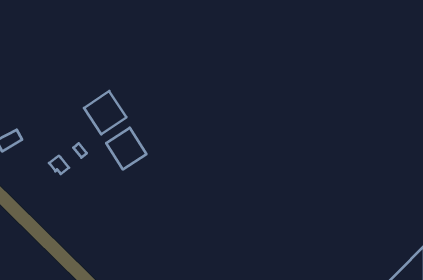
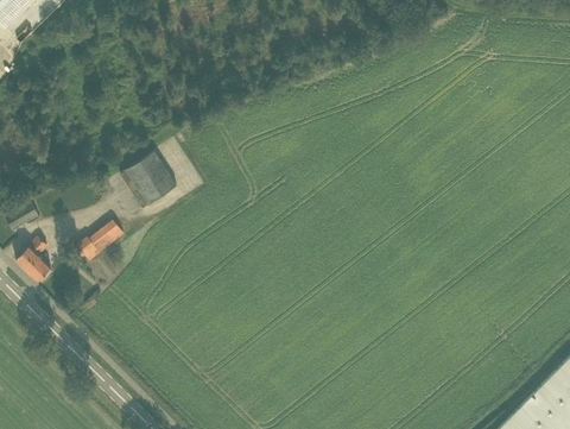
building: [106,128,146,169] -> none
building: none -> [15,238,51,282]

